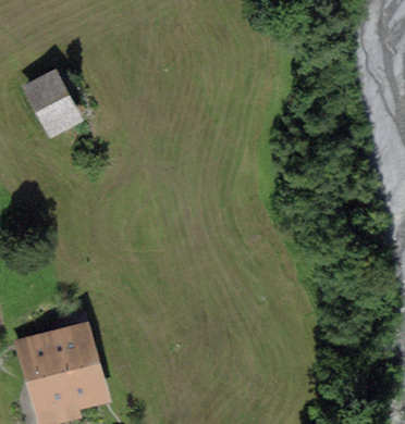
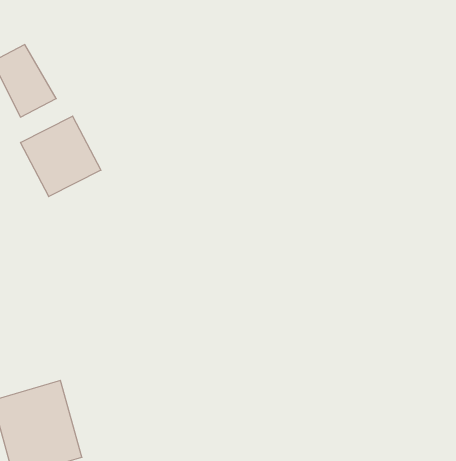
building: none -> [21,116,101,197]

